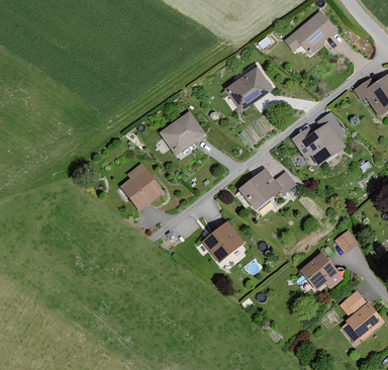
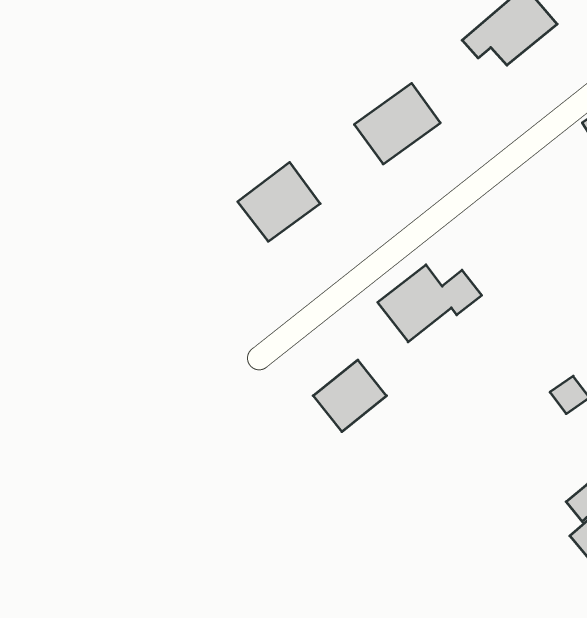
building: [291,112,348,167] -> none
building: [119,163,164,211] -> none
building: [300,252,338,290] -> none

